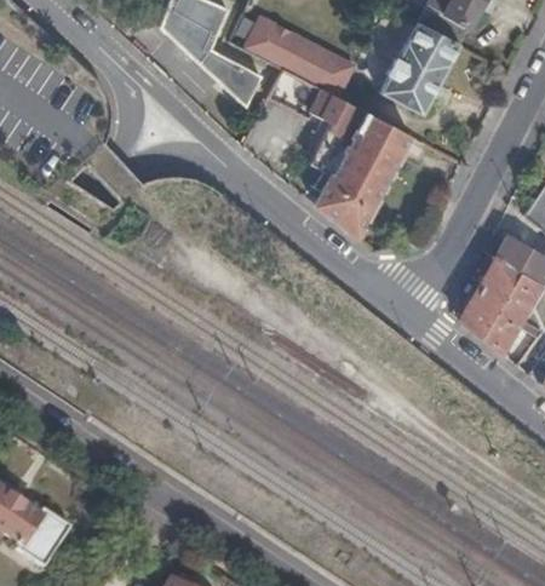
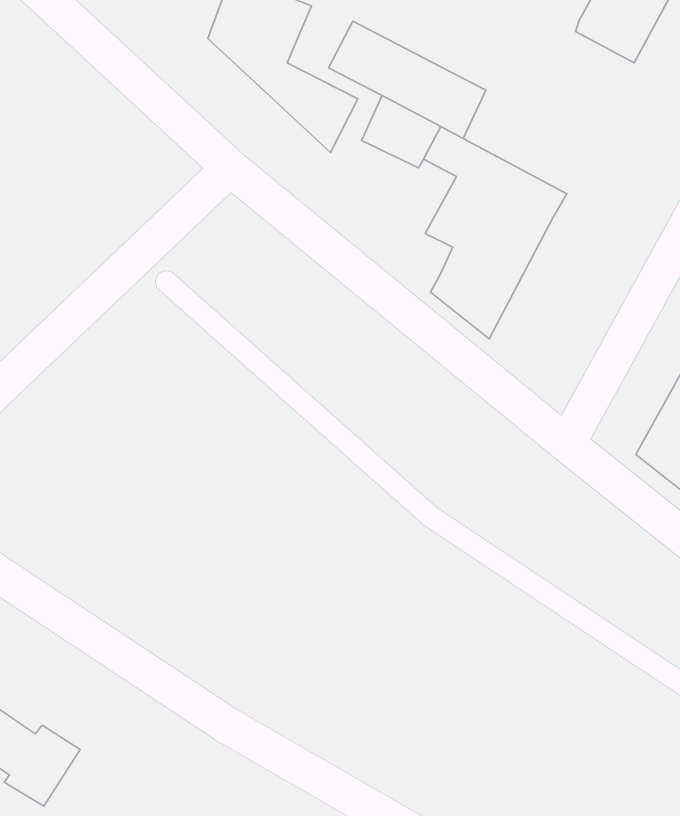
building: [383,23,460,114] -> none

